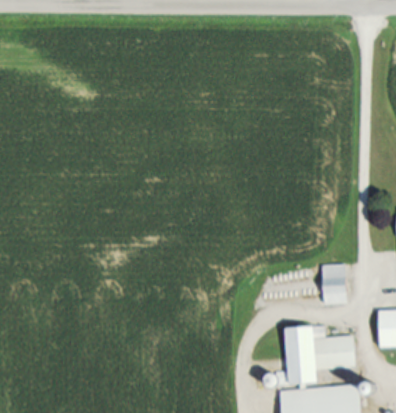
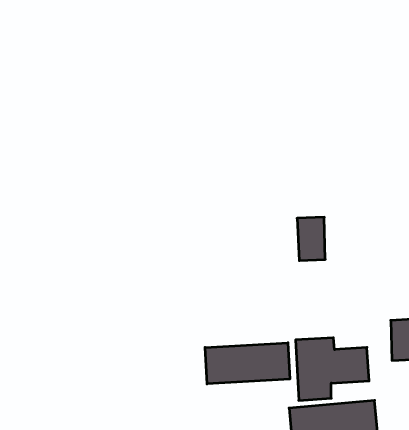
building: [320,264,346,304] -> [297,217,325,261]
building: none -> [205,343,290,384]

